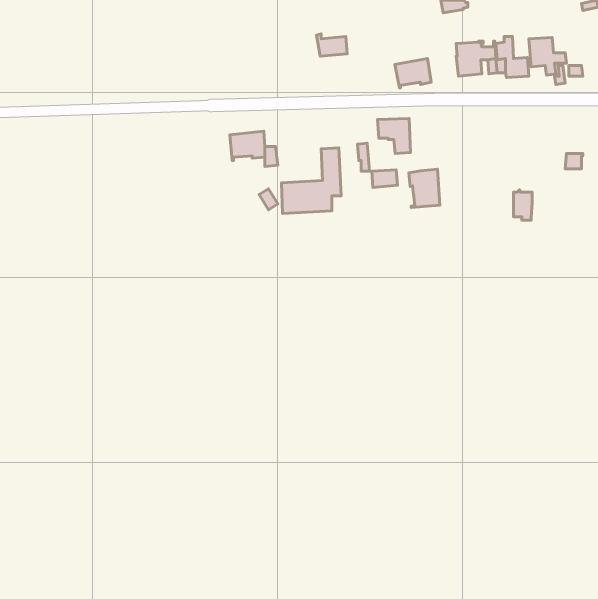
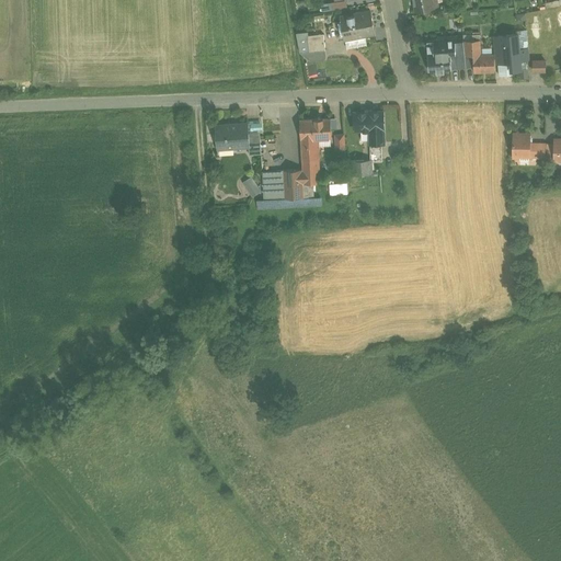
building: [395,59,431,88] -> [340,11,374,38]
building: none -> [299,117,335,139]
building: [409,169,440,207] -> none
building: [514,190,532,220] -> [512,131,529,160]

